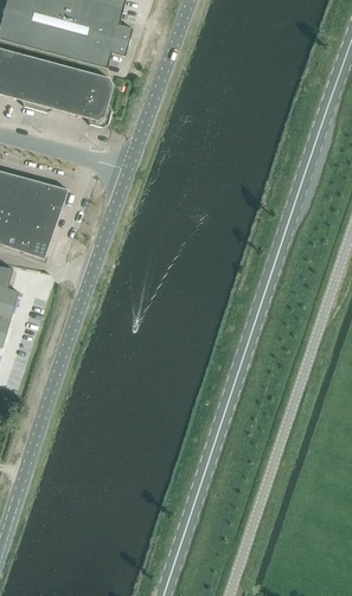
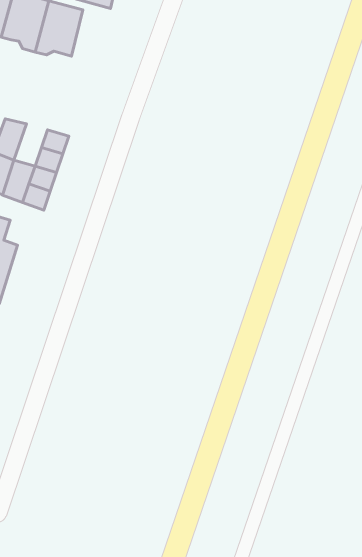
building: [69,69,111,127] -> none
building: [14,177,46,217] -> none

